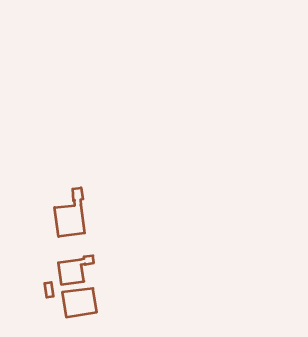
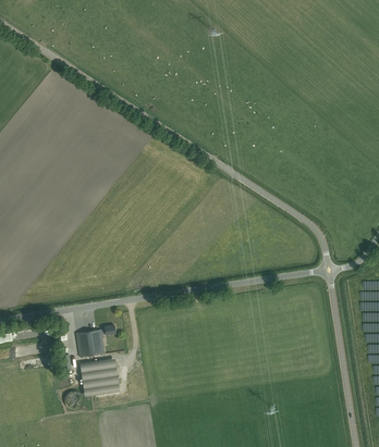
building: [55,188,85,237] -> none

